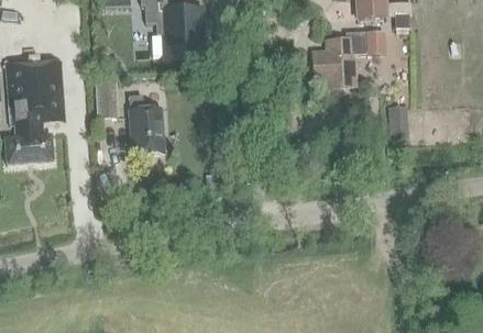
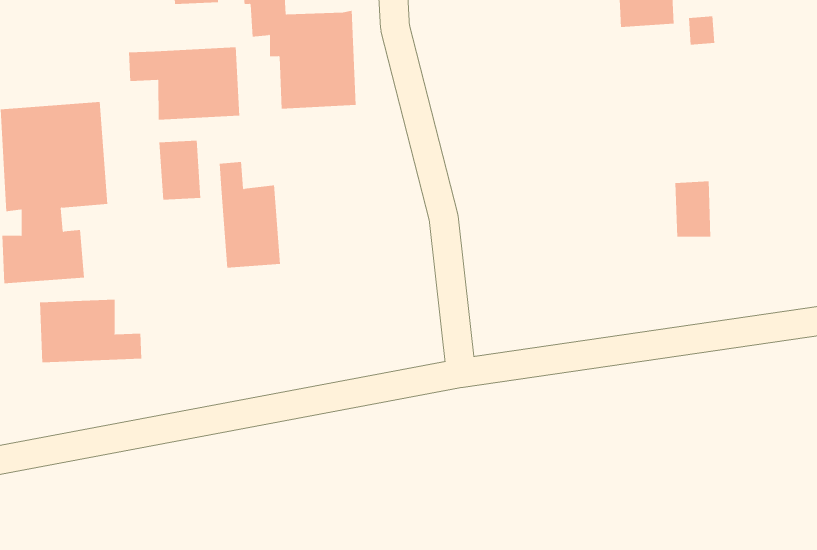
building: none -> [128,46,240,120]
building: [315,30,385,86] -> none
building: none -> [39,299,142,363]

